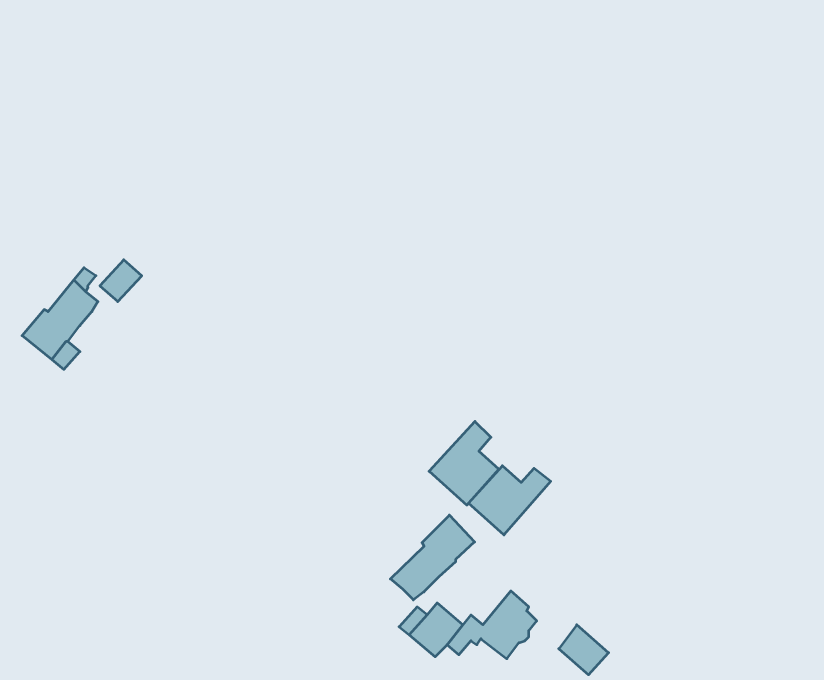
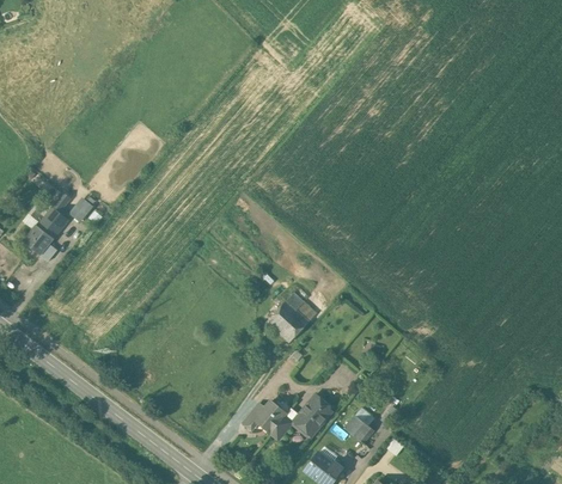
building: [469,466,551,535] -> none
building: [390,515,475,600] -> none

